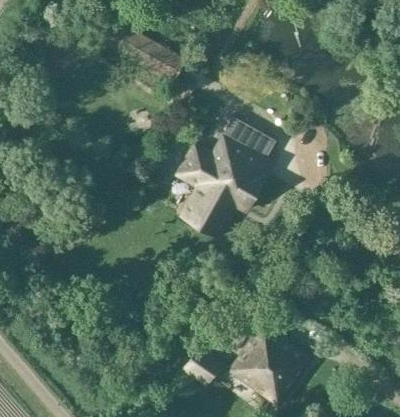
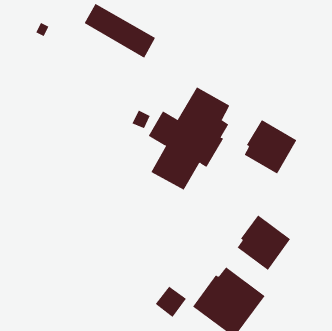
building: none -> [244,119,297,175]
building: none -> [237,215,291,271]

